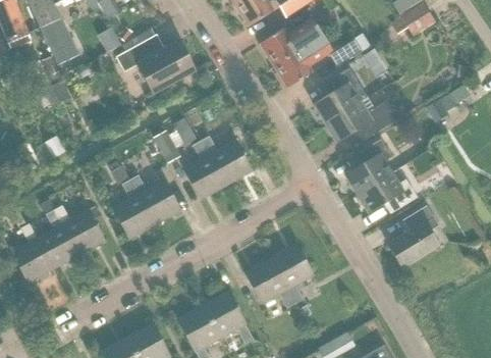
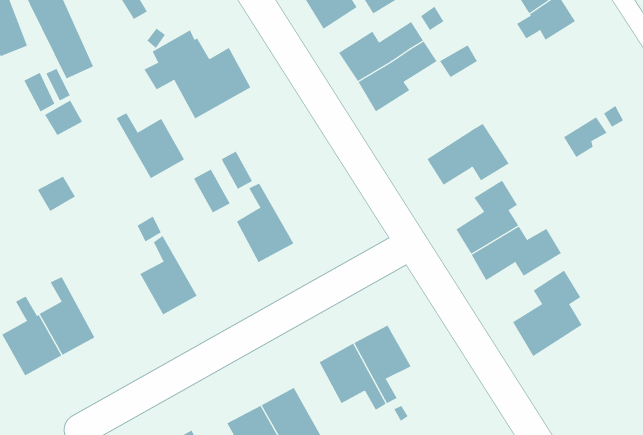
building: [313,68,360,123] -> none
building: [201,136,251,186] -> none
building: [129,175,180,224] -> [116,113,185,179]
building: [55,206,104,255] -> none

